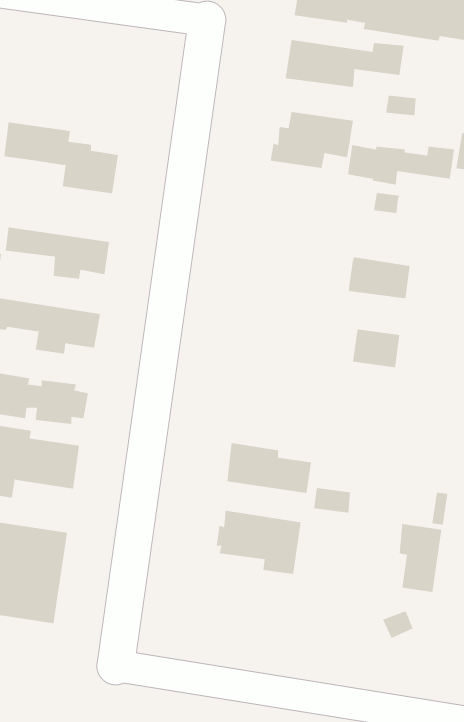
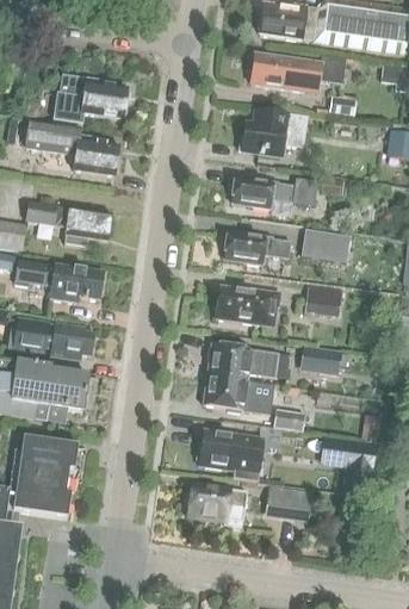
building: none -> [52,72,128,120]
building: [347,145,455,185] -> [231,174,317,206]
building: none -> [224,232,289,265]
building: none -> [216,286,279,327]
building: none -> [207,343,278,379]
building: none -> [299,344,341,373]
building: none -> [264,481,314,520]
building: none -> [190,484,246,522]

